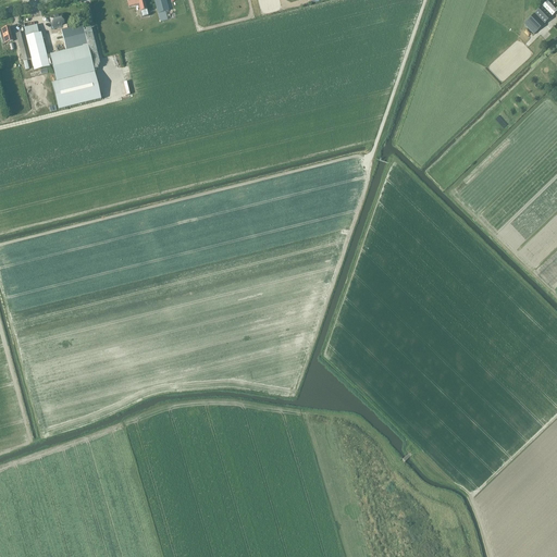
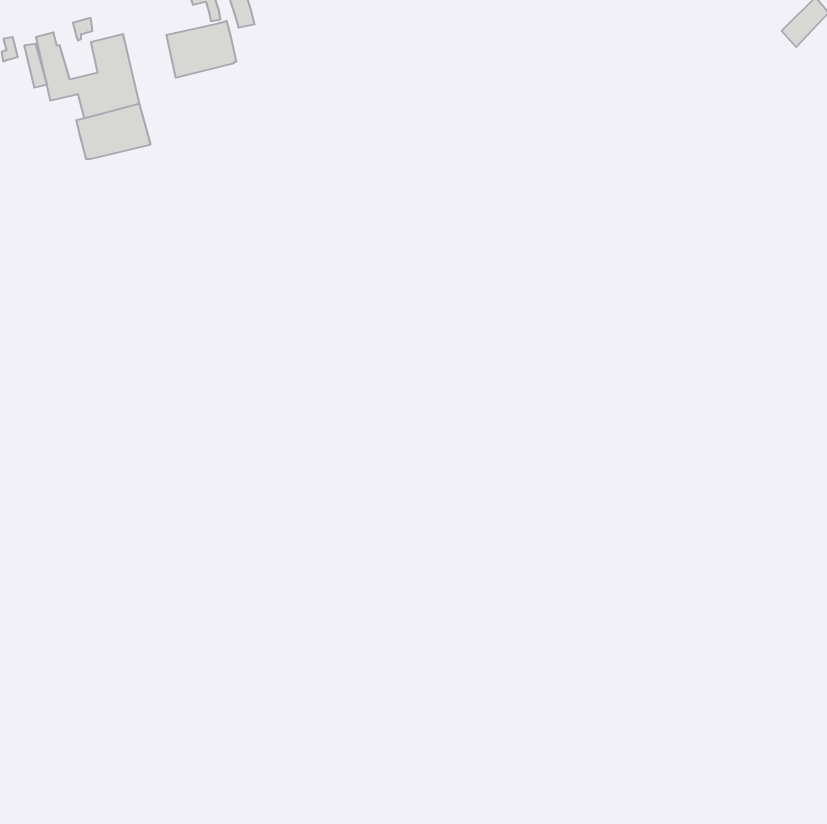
building: none -> [167,21,236,78]

